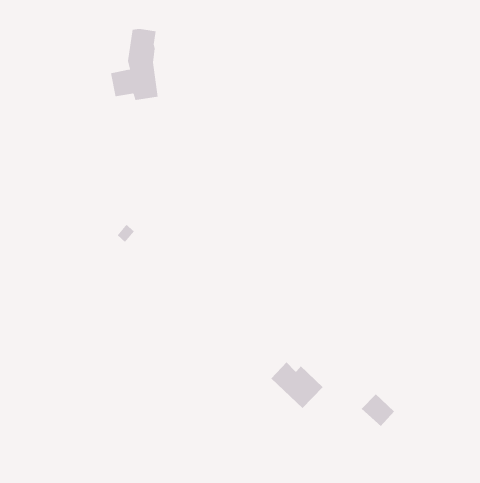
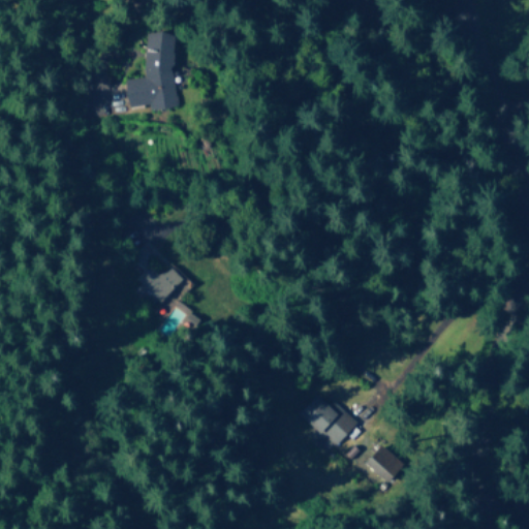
building: none -> [137,266,184,303]
building: [361,394,395,427] -> [366,446,403,483]

